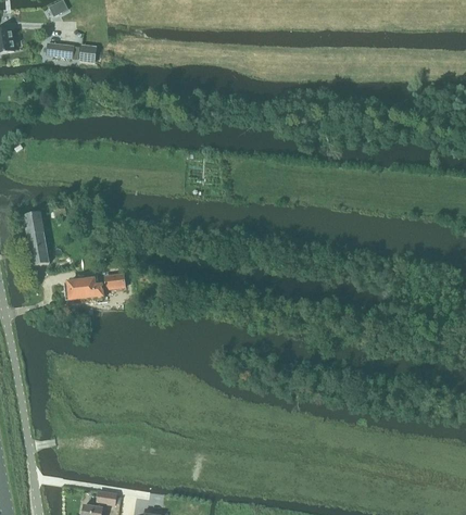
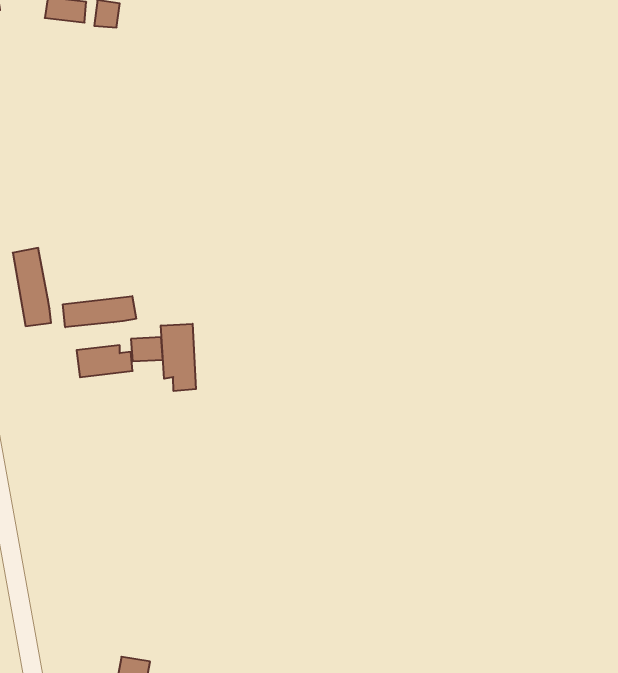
building: none -> [63,296,136,327]
building: none -> [161,324,196,391]

